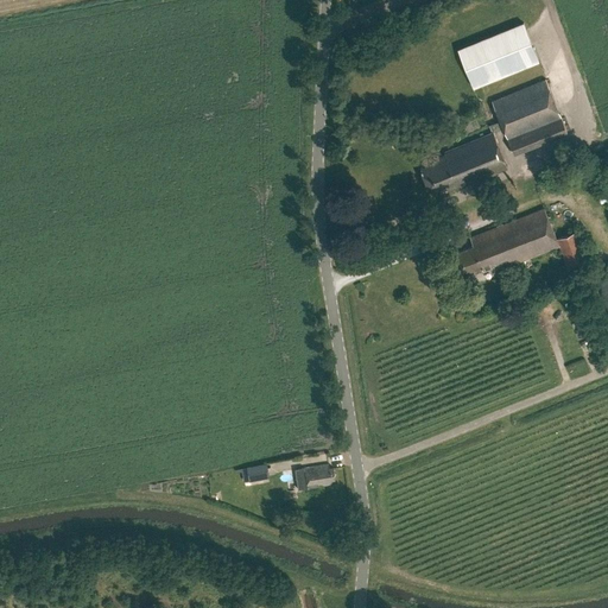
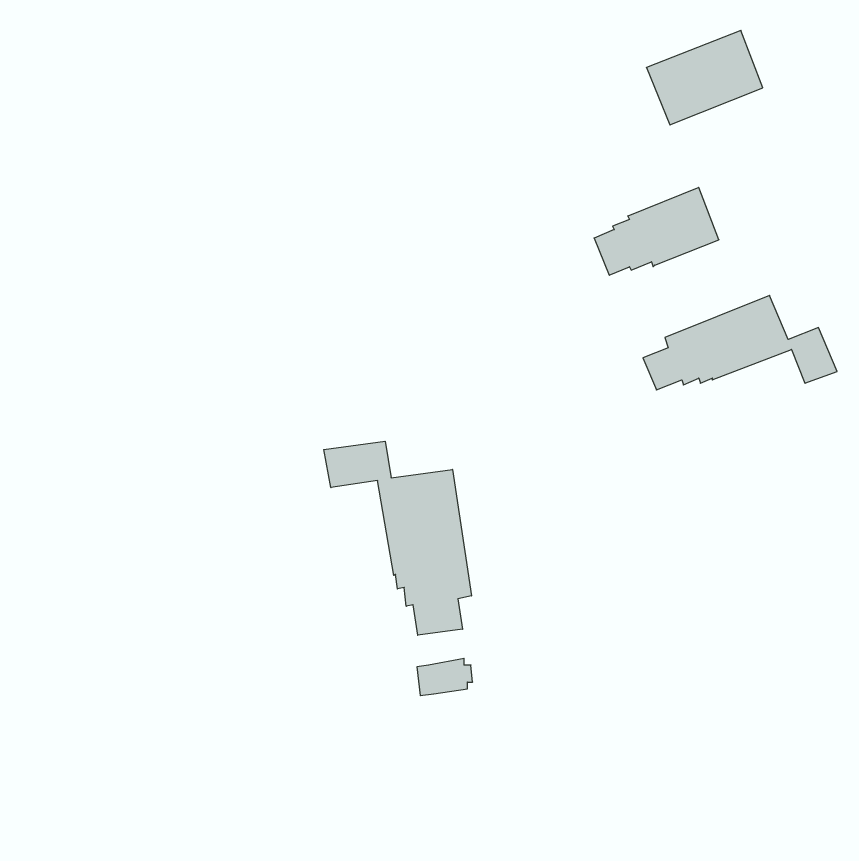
building: [490,81,566,156] -> none
building: none -> [324,441,471,635]

